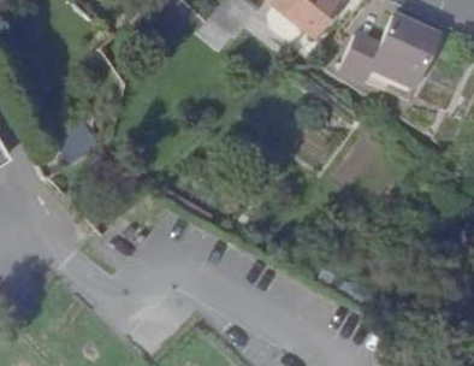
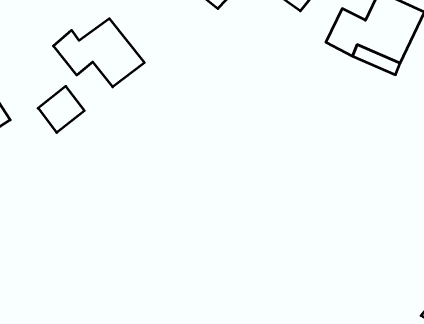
building: none -> [53,19,144,87]

